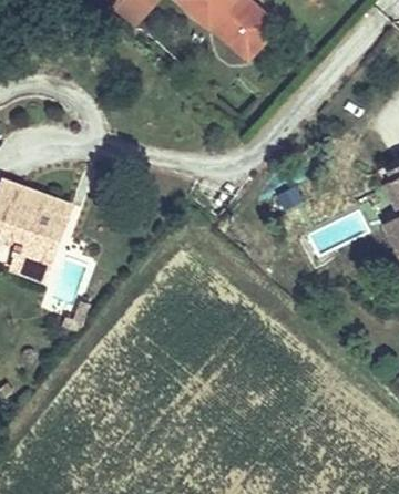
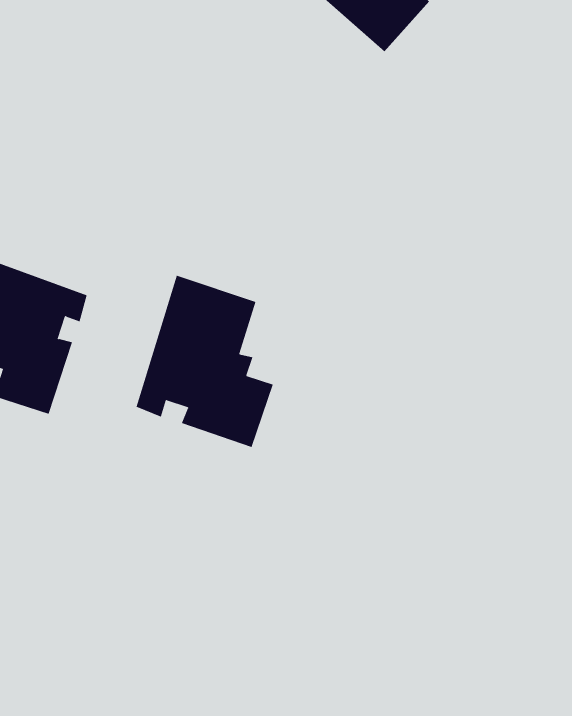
building: none -> [136,275,274,448]

